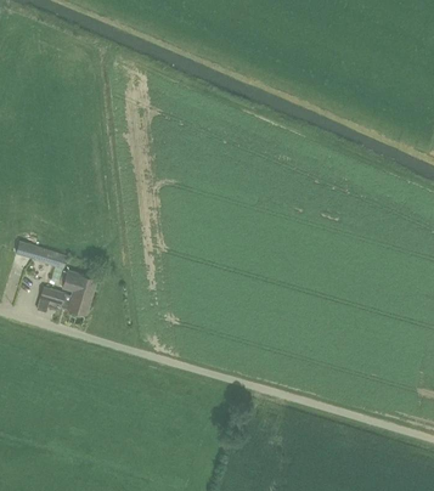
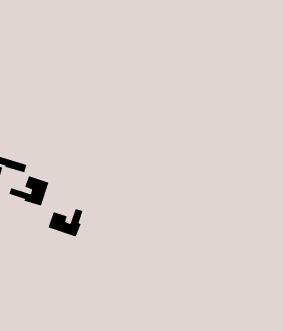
building: none -> [48,208,84,237]

